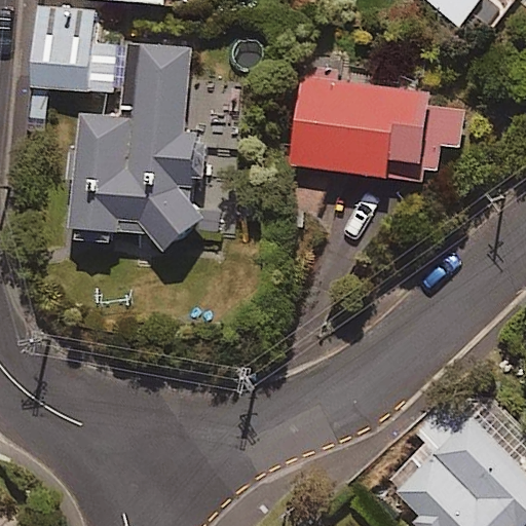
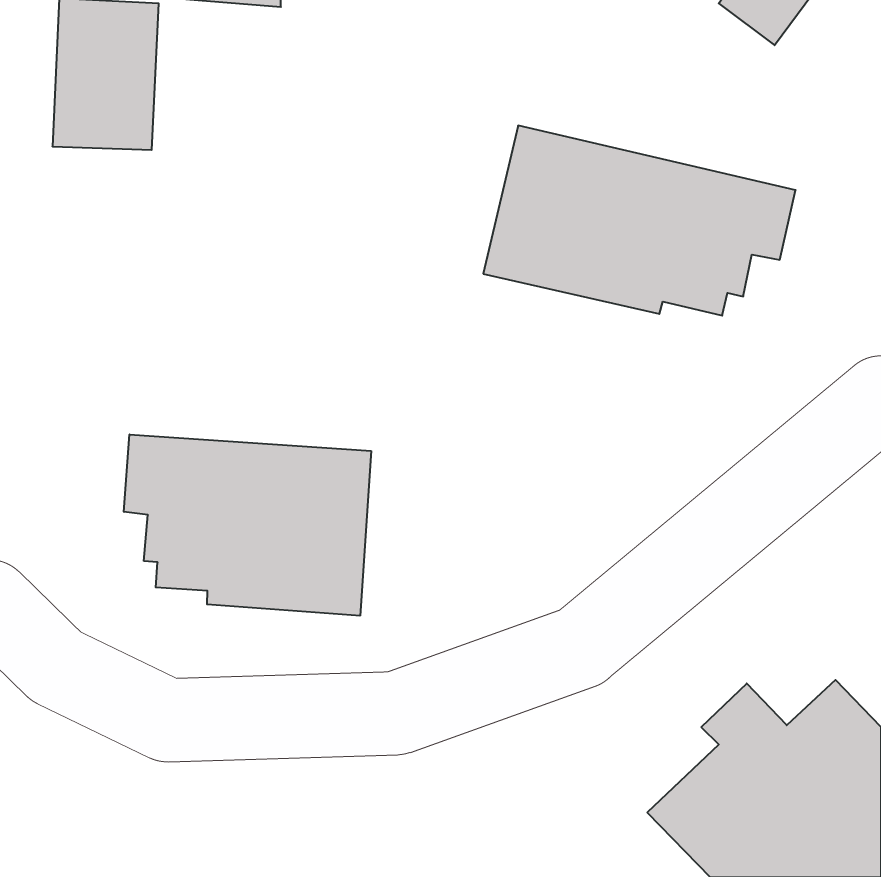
building: [70,41,204,241] -> none
building: none -> [124,434,371,616]

